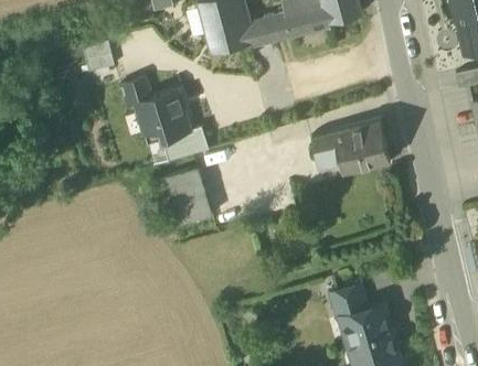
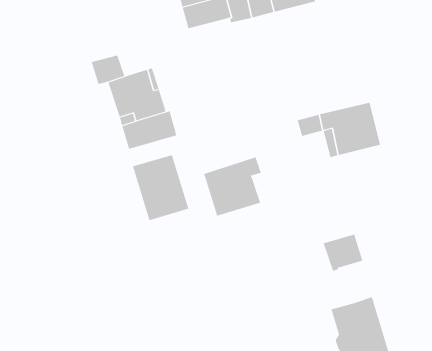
building: [84,42,114,73] -> none
building: none -> [204,157,262,217]
building: [328,282,365,317] -> [323,234,363,272]

